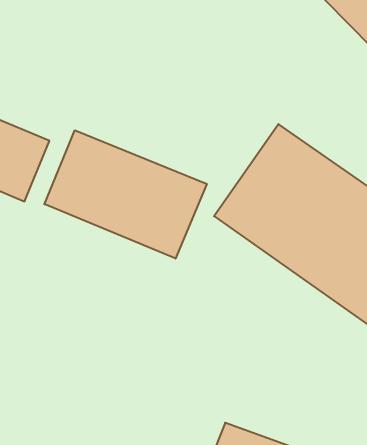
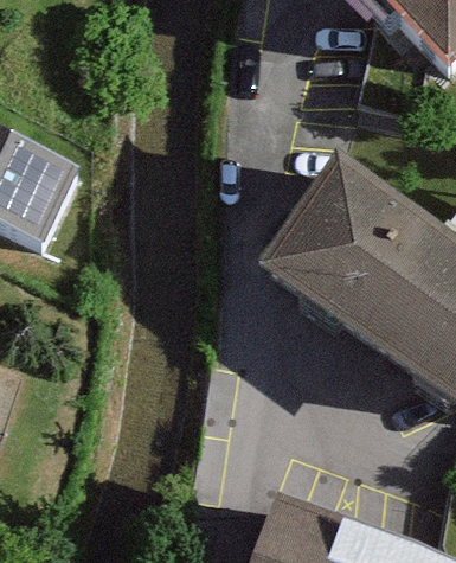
building: [44,130,207,259] -> none

